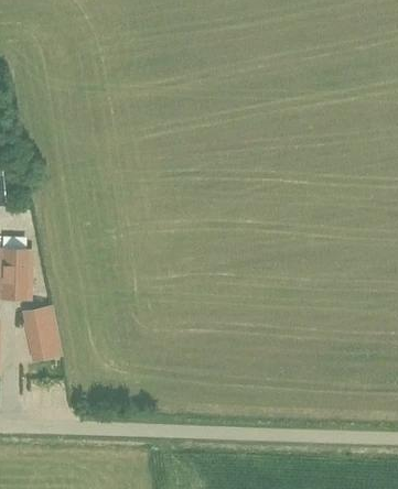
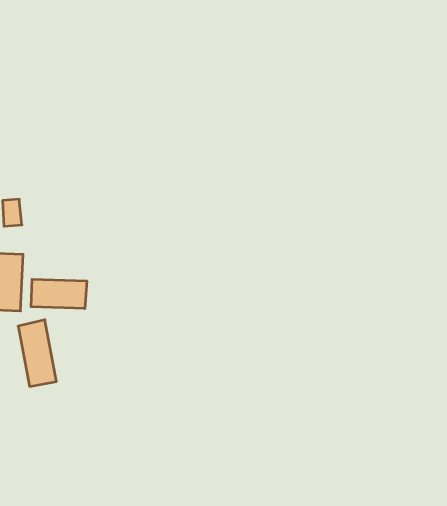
building: none -> [31,279,87,309]

